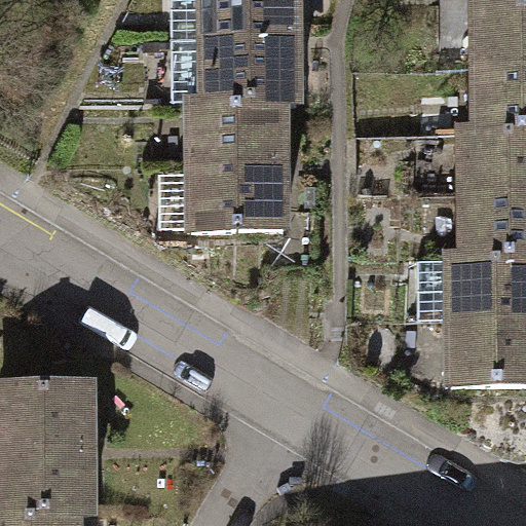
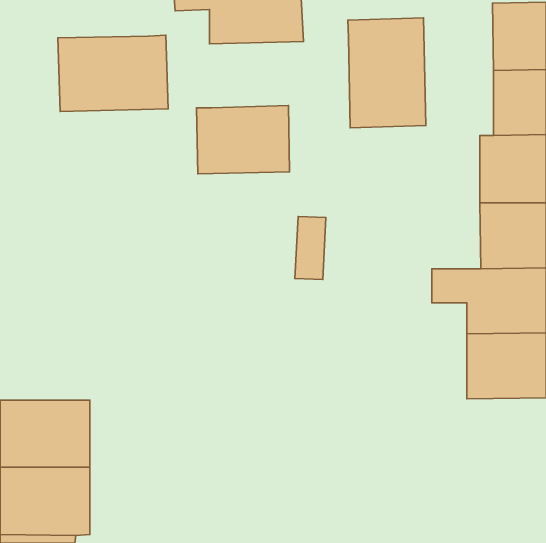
building: none -> [348,18,426,128]
building: none -> [58,35,168,111]
building: [168,40,293,104] -> none
building: [190,165,280,232] -> none

